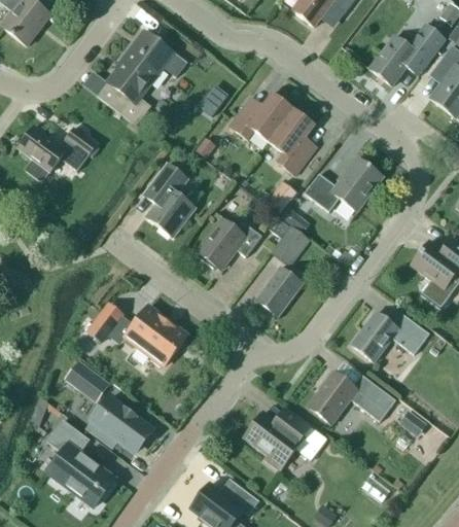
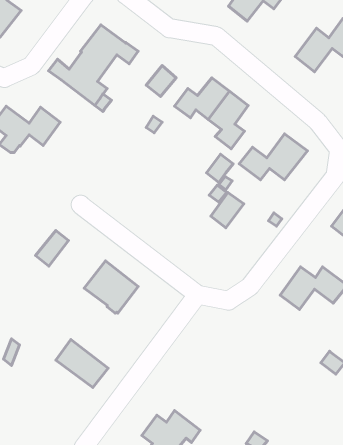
building: [146,164,196,237] -> none
building: [198,218,262,270] -> none
building: [255,267,303,316] -> none
building: [85,302,123,343] -> [36,231,68,266]
building: [65,359,108,393] -> none
building: [308,370,396,424] -> none
building: [244,412,327,470] -> none
building: [47,420,115,506] -> none

